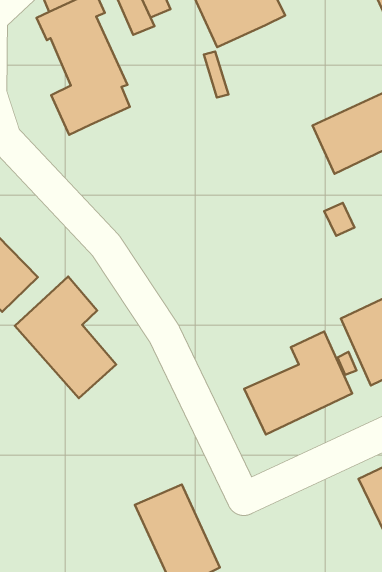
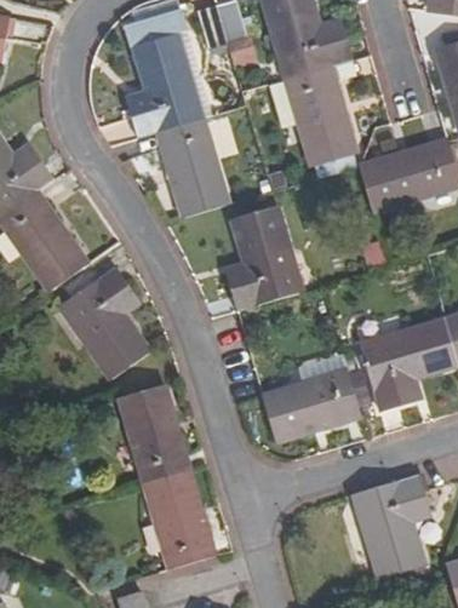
building: none -> [285,65,357,165]
building: none -> [158,119,228,217]
building: none -> [225,205,302,311]
building: none -> [120,385,191,486]

